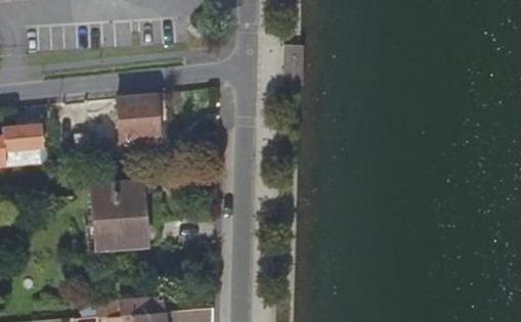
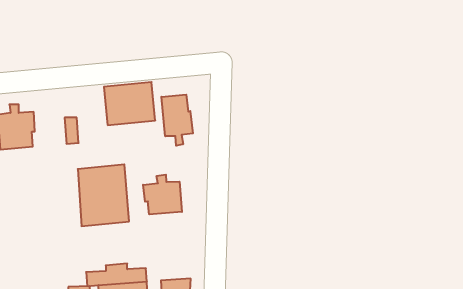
building: none -> [161,95,193,146]
building: none -> [143,175,182,214]

